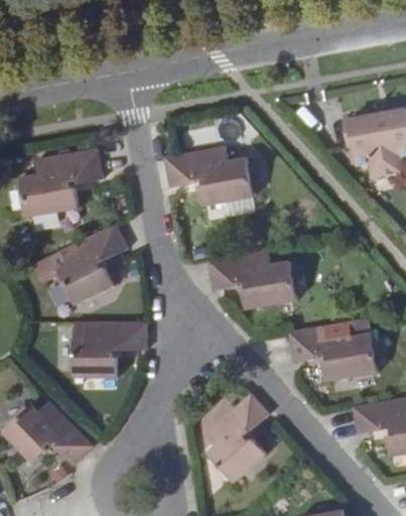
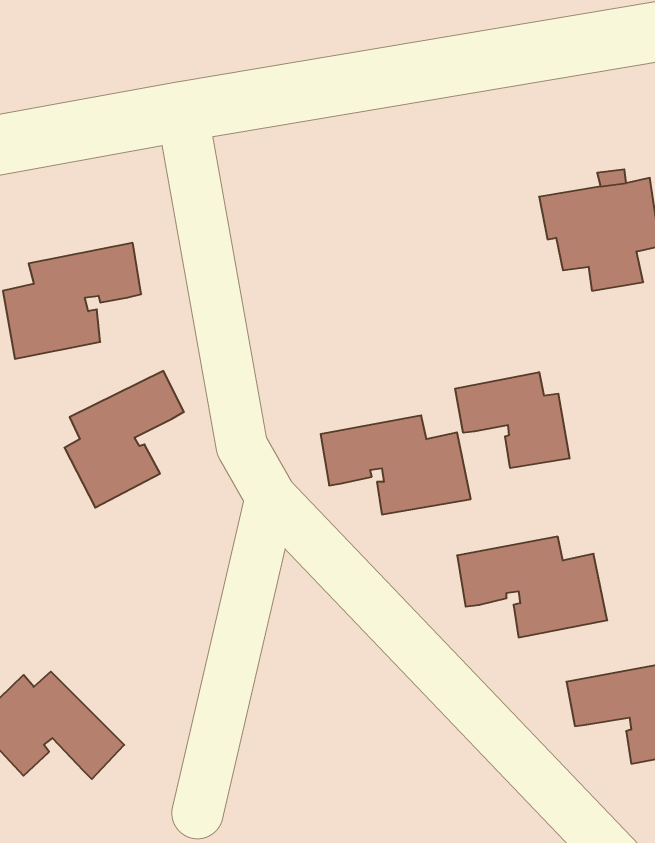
building: [163,146,252,206] -> none
building: none -> [455,372,569,468]
building: [74,320,145,376] -> none
building: [205,393,269,482] -> none

